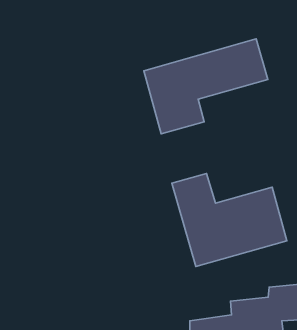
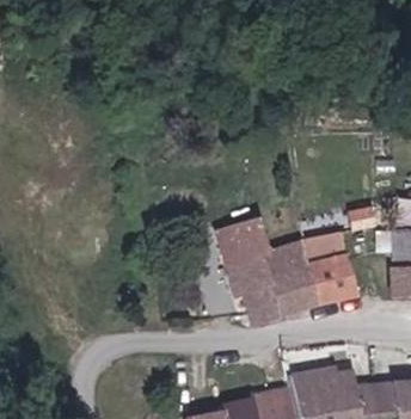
building: [144,39,268,134] -> none

